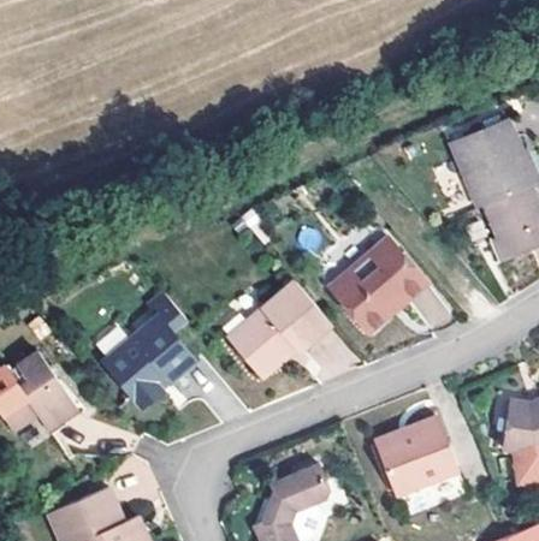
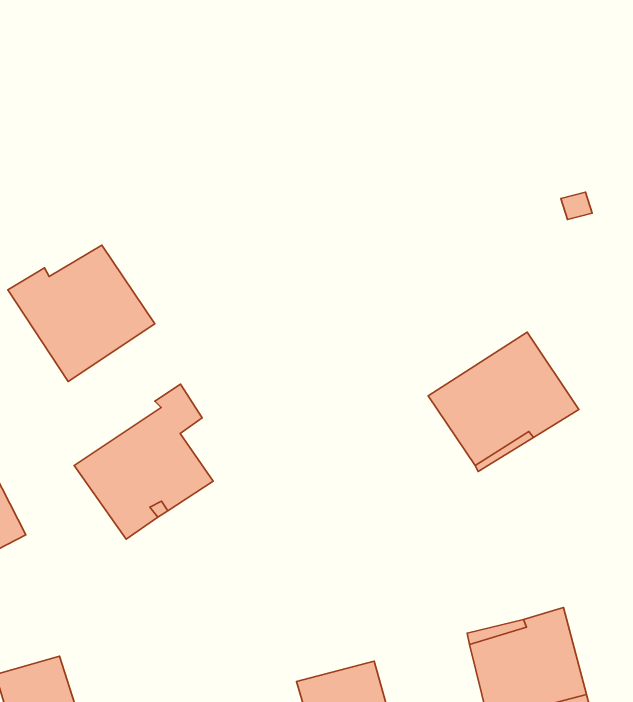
building: none -> [8,245,155,381]
building: [227,280,333,374] -> none

